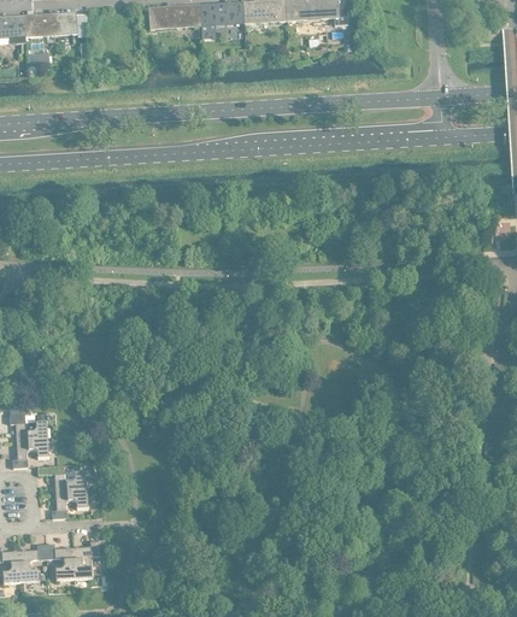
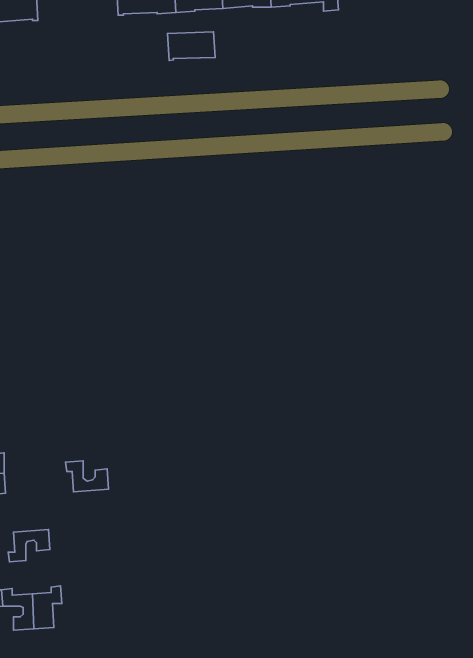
building: none -> [168,32,215,60]
building: [47,465,86,493] -> [66,461,109,492]

